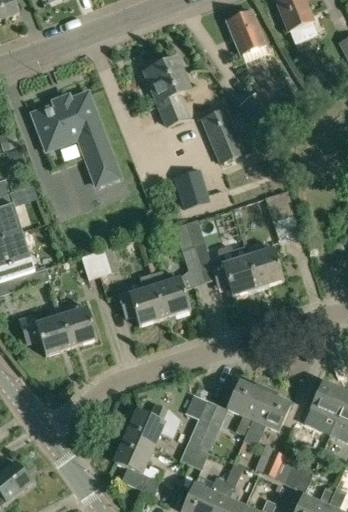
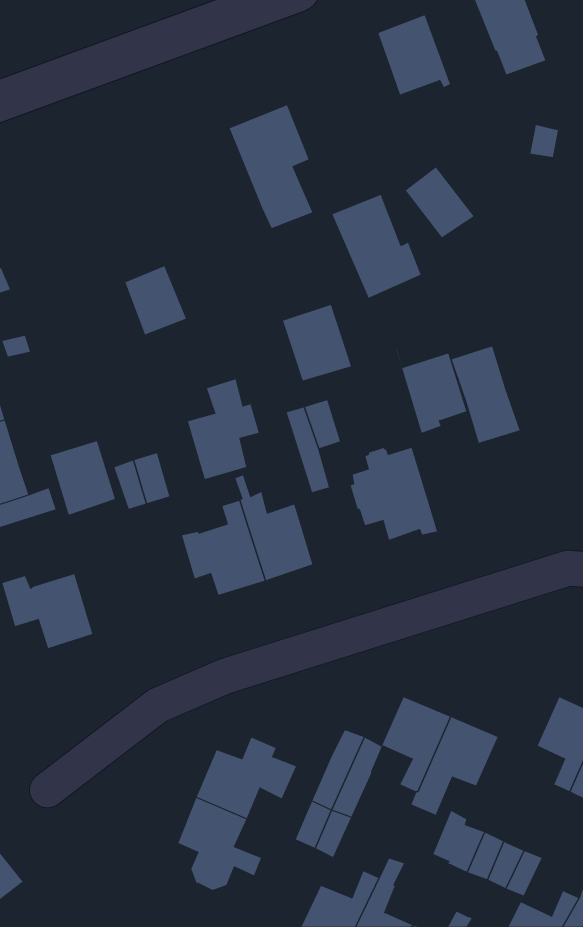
building: [34,92,103,149] -> none
building: none -> [187,379,259,480]
building: [244,245,283,291] -> [396,349,467,434]
building: [60,306,96,347] -> [50,440,116,516]

